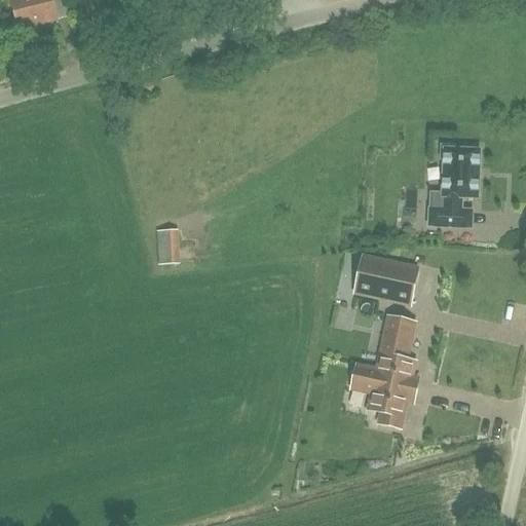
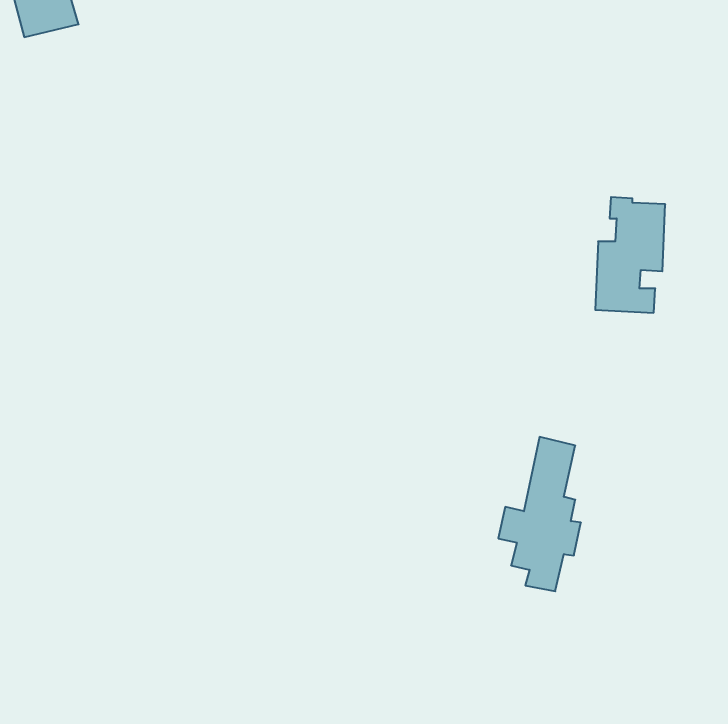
building: [157,227,178,262] -> none
building: [354,254,418,303] -> none

